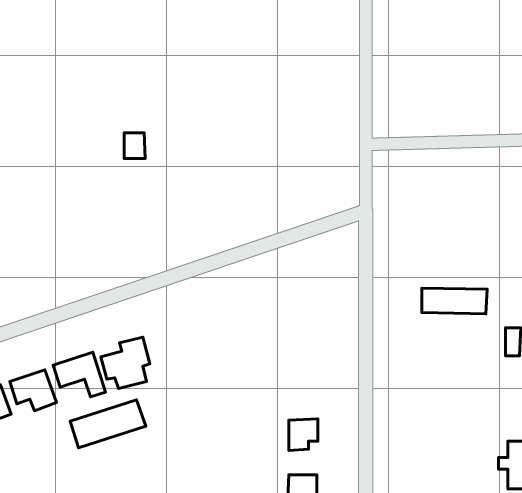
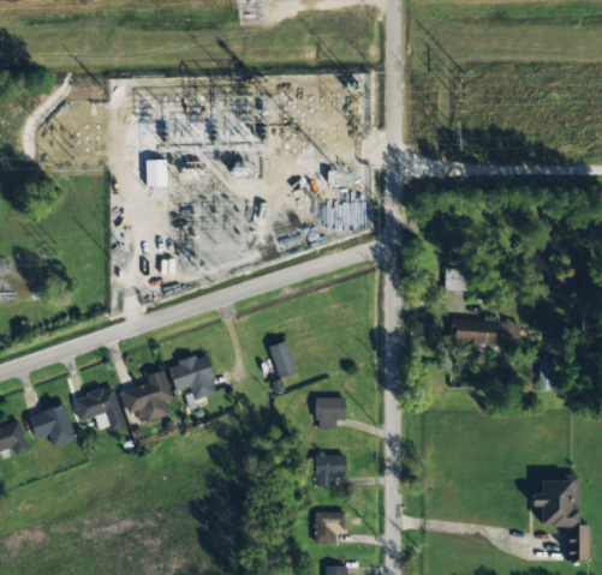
building: none -> [445,268,467,292]
building: none -> [268,341,297,378]
building: none -> [168,355,217,401]
building: none -> [315,397,345,430]
building: [70,400,146,448] -> none

